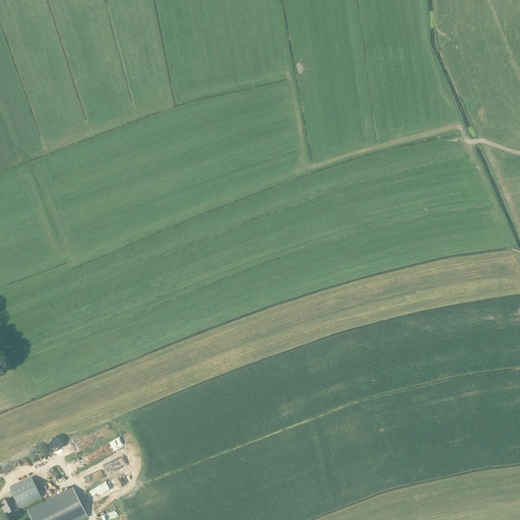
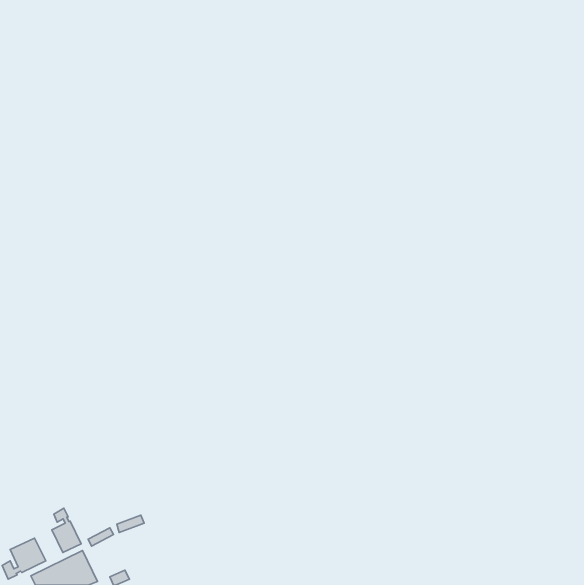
building: none -> [52,508,81,553]

